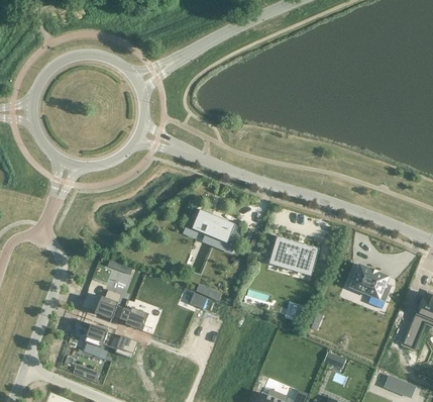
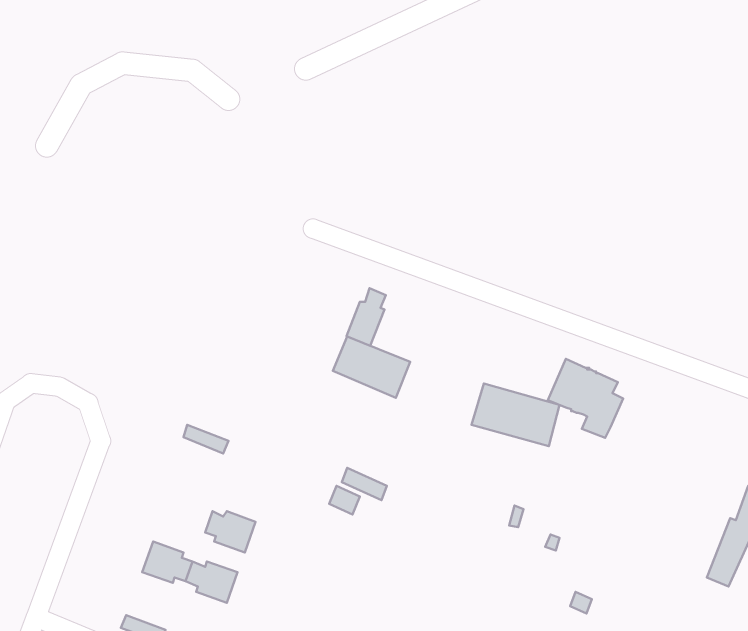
building: none -> [347,288,386,346]
building: [348,264,391,308] -> [548,359,623,438]
building: [94,296,123,319] -> none

